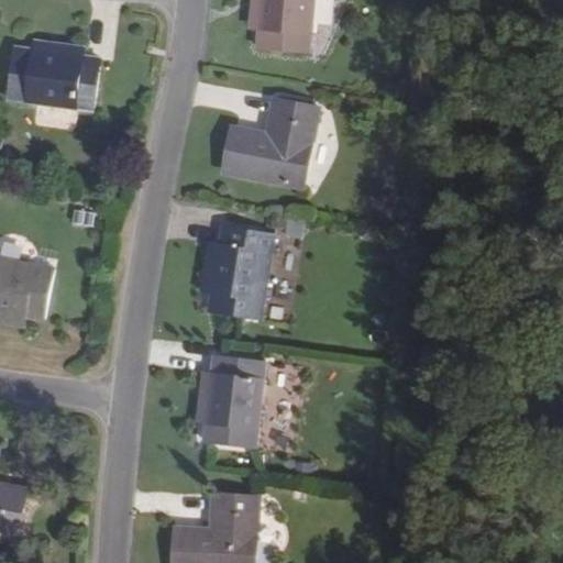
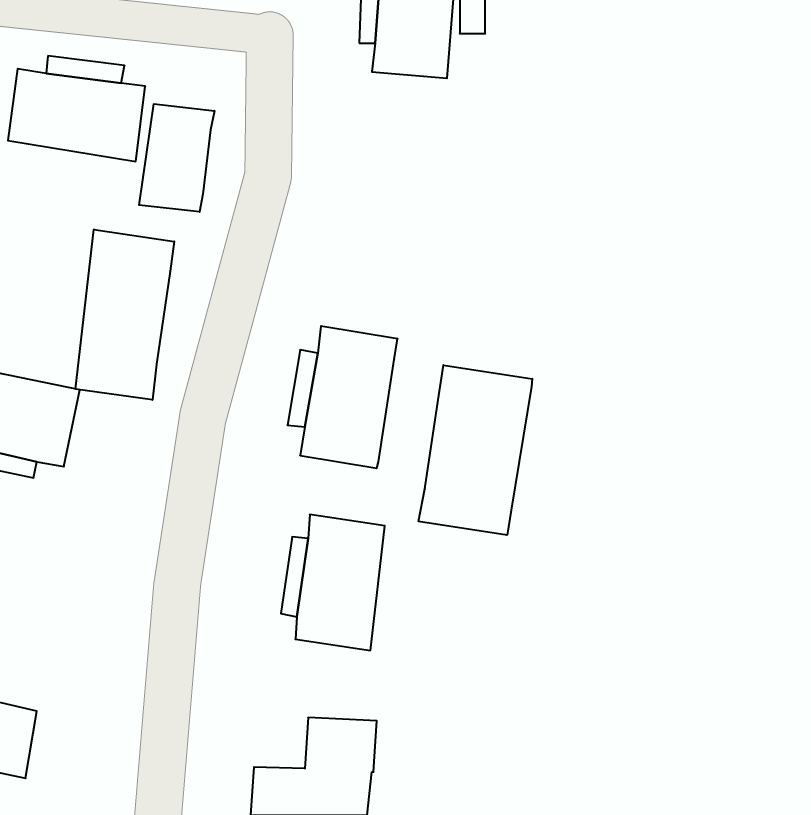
building: none -> [139,104,214,212]
building: [222,99,319,189] -> none
building: none -> [75,229,174,400]
building: none -> [418,365,532,535]

